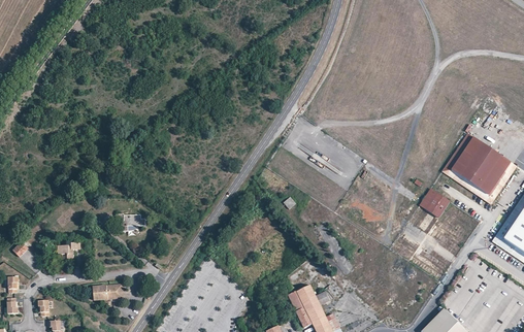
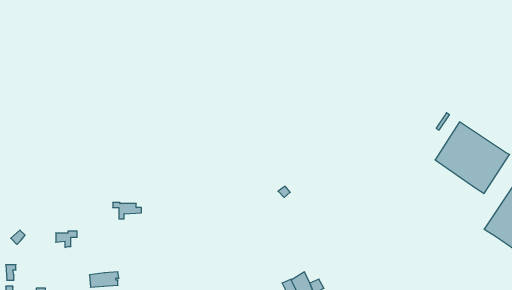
building: [419,188,449,218] -> none

